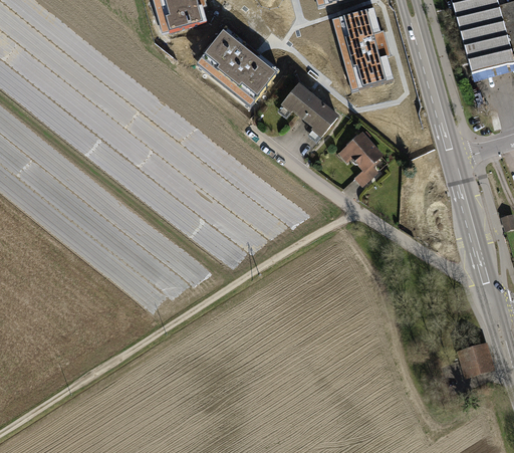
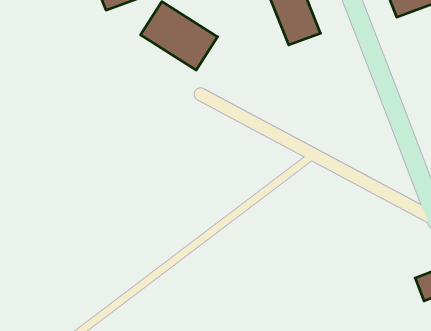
building: [287,83,340,134] -> none
building: [348,133,383,184] -> none

